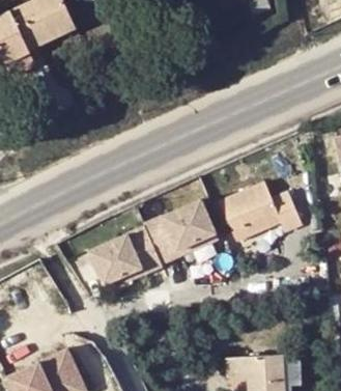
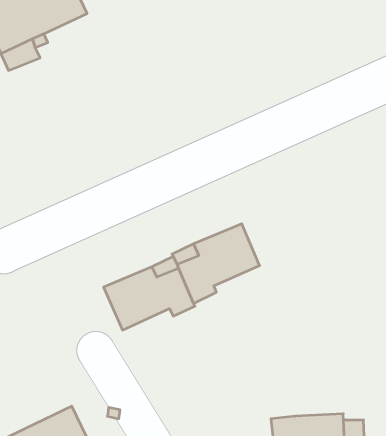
building: [219,183,302,243] -> none

